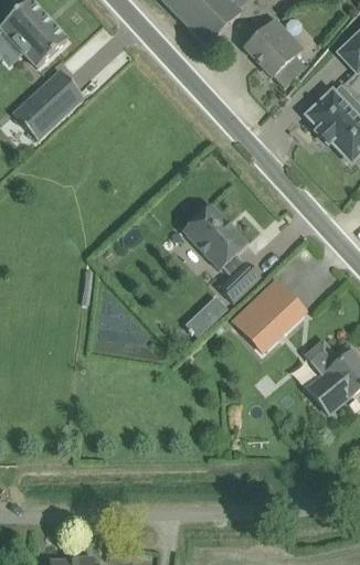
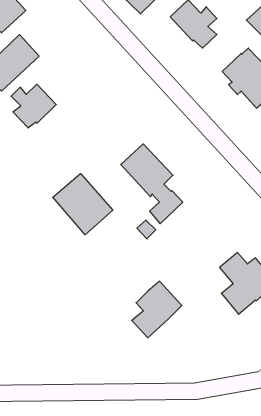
building: none -> [11,84,56,128]
building: none -> [53,174,113,235]
building: [242,280,304,350] -> [132,281,182,338]

